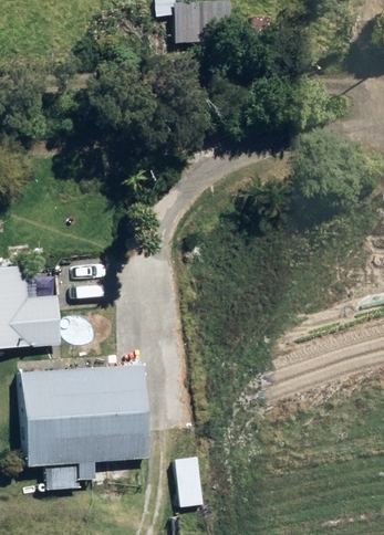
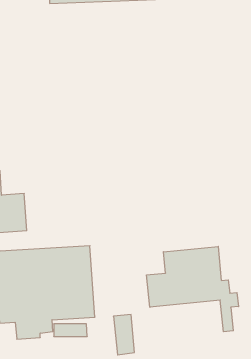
building: none -> [147,246,239,332]

